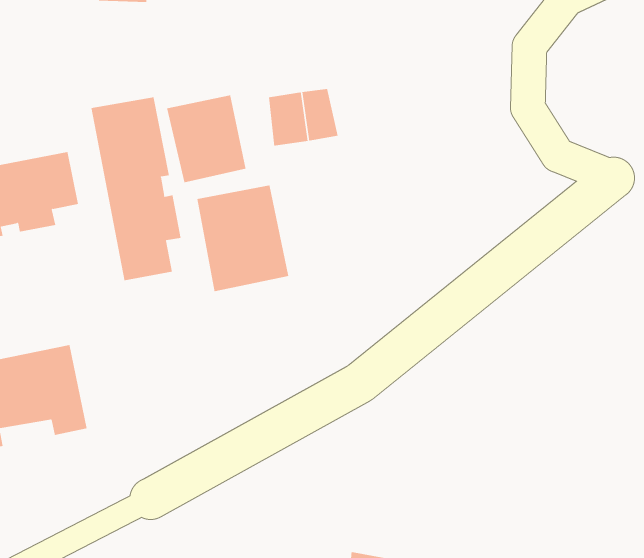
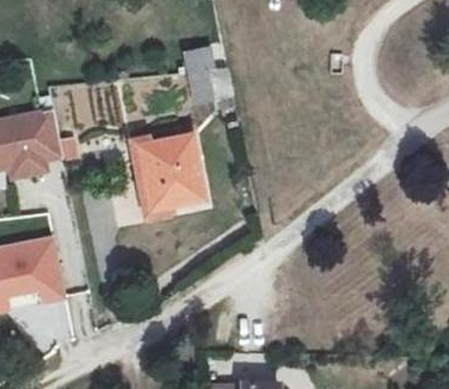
building: [167,95,246,183] -> none
building: [91,96,181,281] -> none

